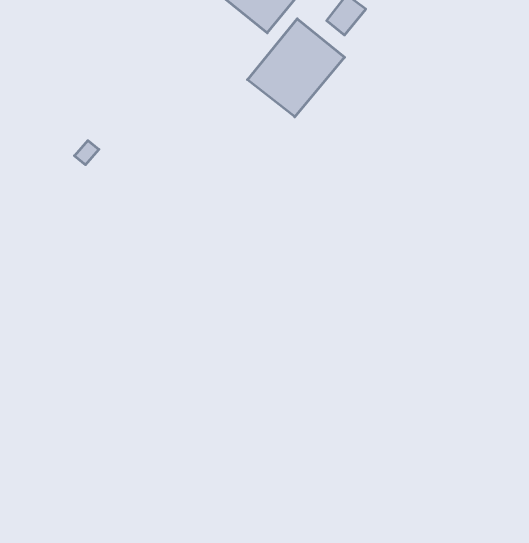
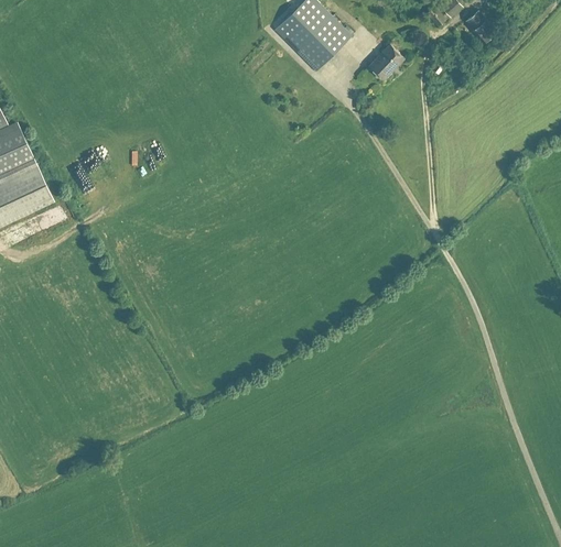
building: [247,19,345,117] -> none

